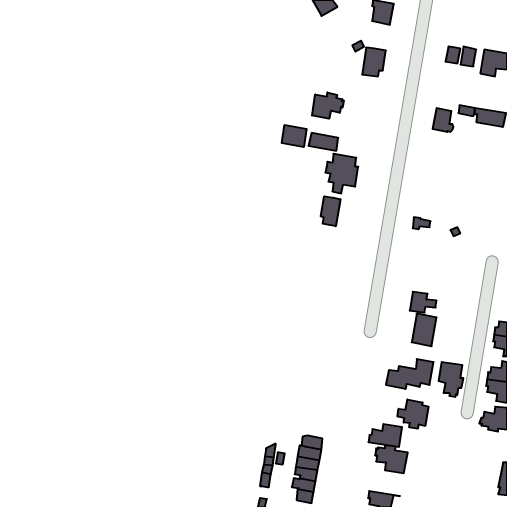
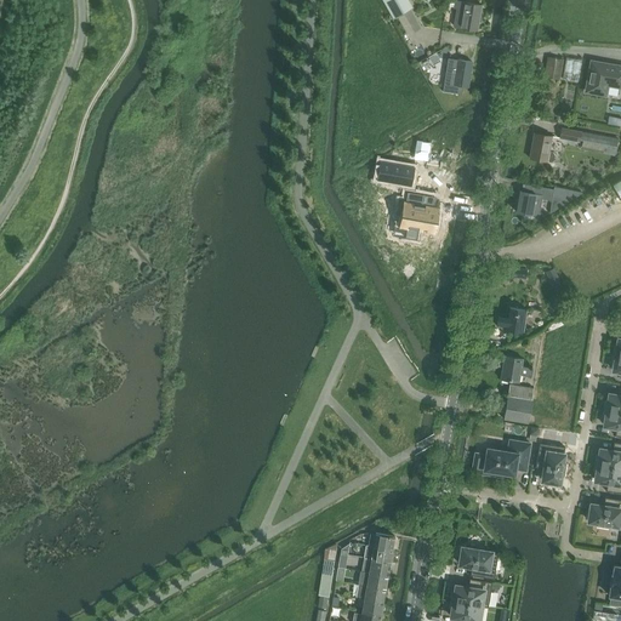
building: [312,92,344,119] -> none
building: [282,125,307,147] -> none
building: none -> [515,186,553,215]
building: [321,196,340,226] -> none
building: none -> [497,307,526,332]
building: [398,399,429,429] -> none
building: [368,424,402,447] -> [451,579,492,606]

